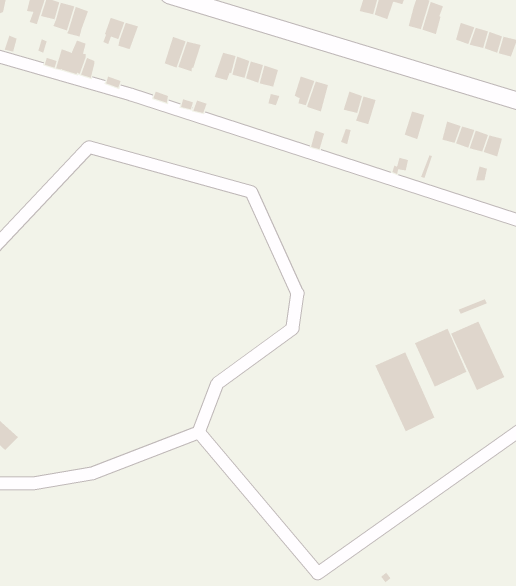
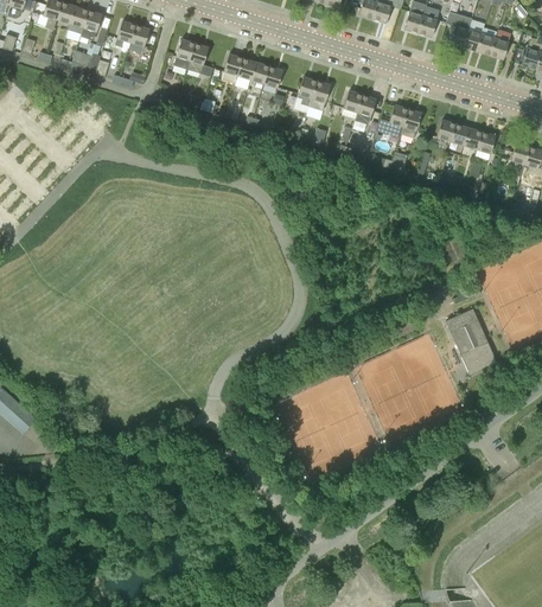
building: none -> [377,104,409,138]
building: [414,328,467,387] -> none
building: [375,352,435,432] -> none

